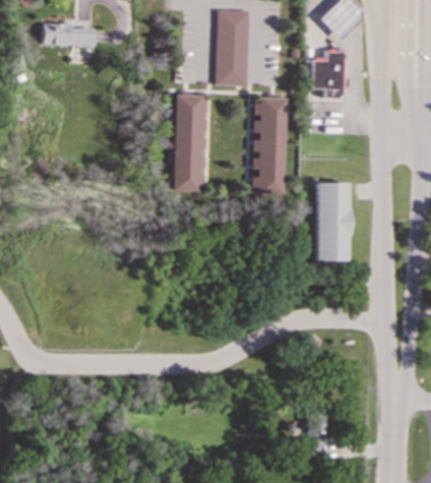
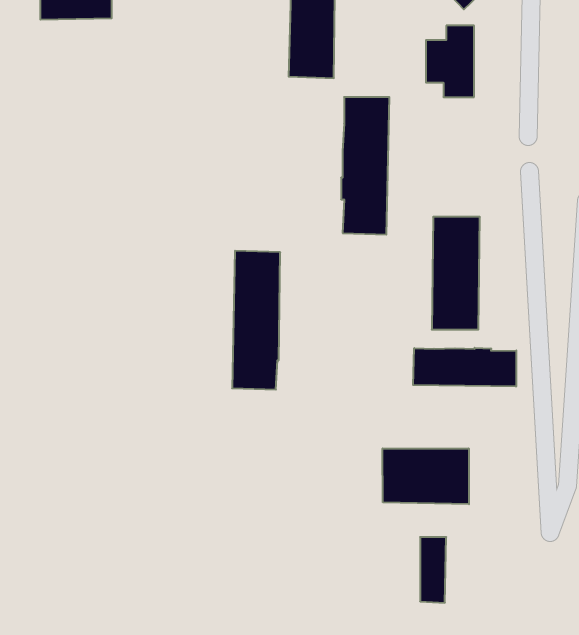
building: [174,95,207,191] -> [232,251,280,390]
building: none -> [413,348,516,387]
building: none -> [383,448,469,504]

